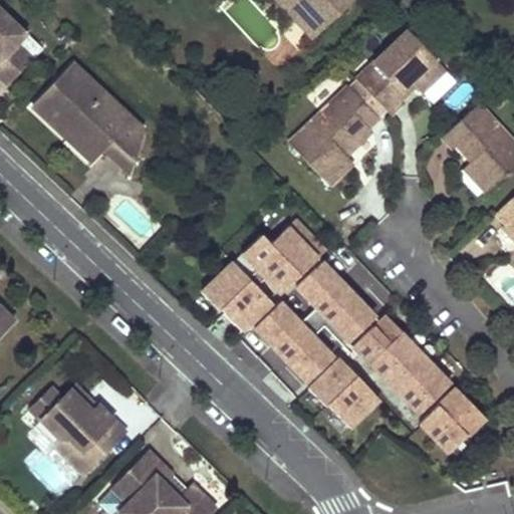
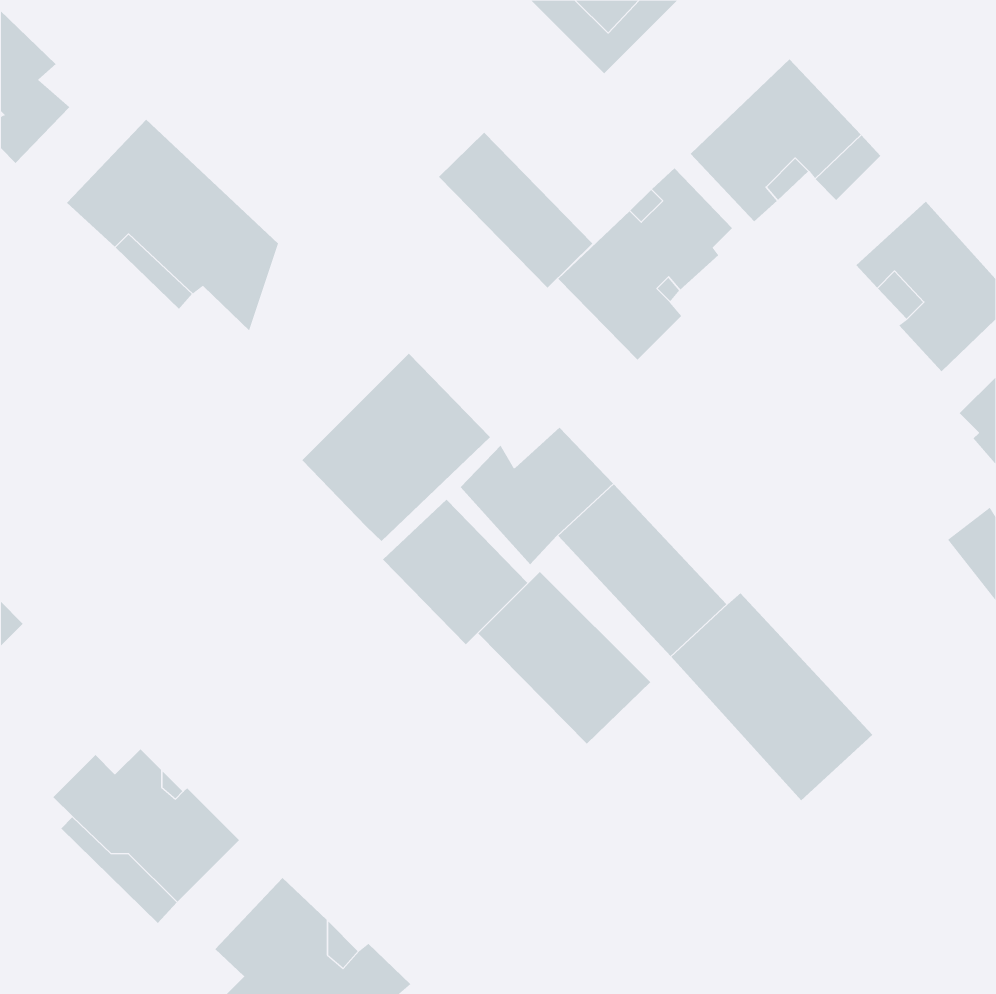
building: none -> [438,132,593,289]
building: none -> [301,353,491,542]
building: [302,352,379,430] -> none
building: [413,379,485,452] -> none

